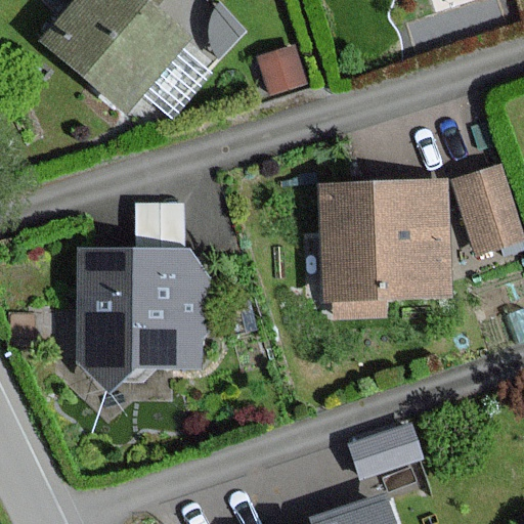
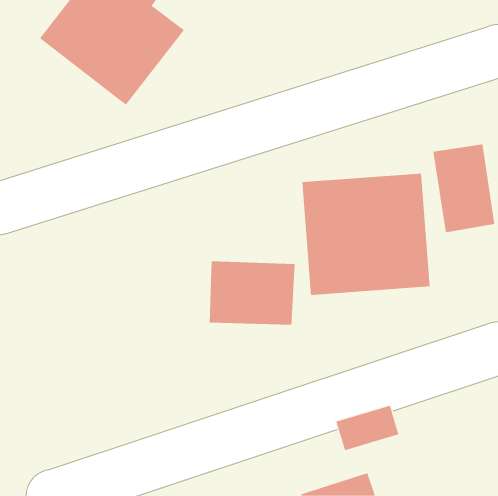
building: [78,251,208,399] -> none
building: none -> [209,260,295,325]

